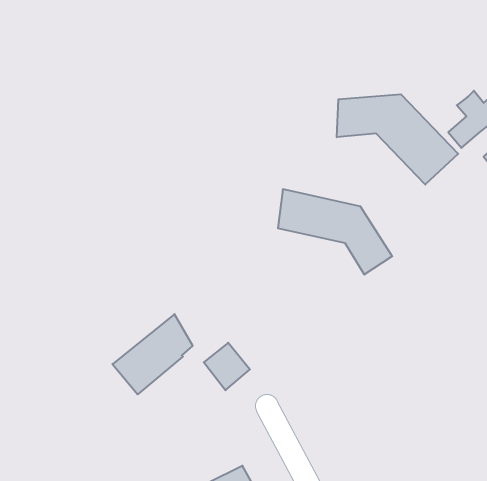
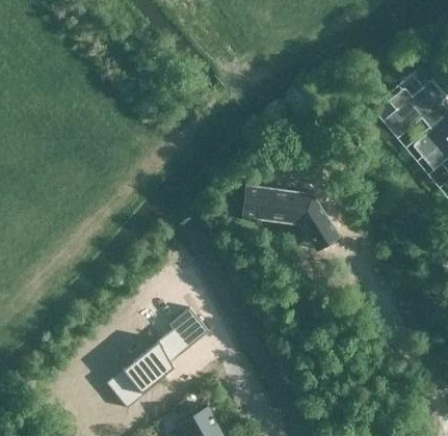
building: [337,94,458,185] -> none
building: [112,314,193,394] -> [111,337,180,406]

